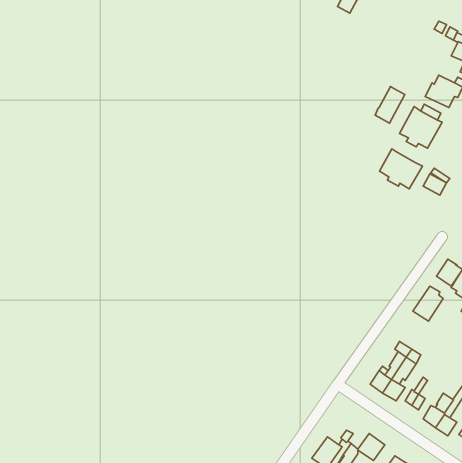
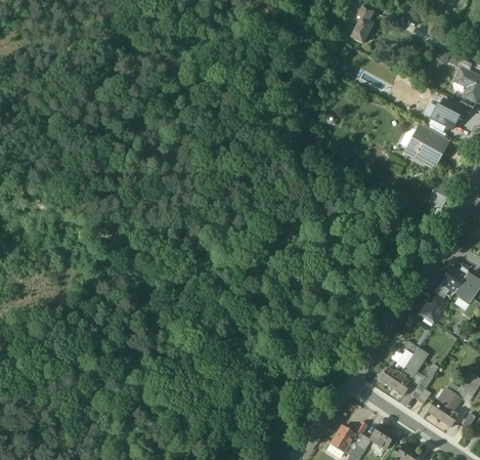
building: [375,86,405,123] -> none
building: [380,149,423,189] -> none

